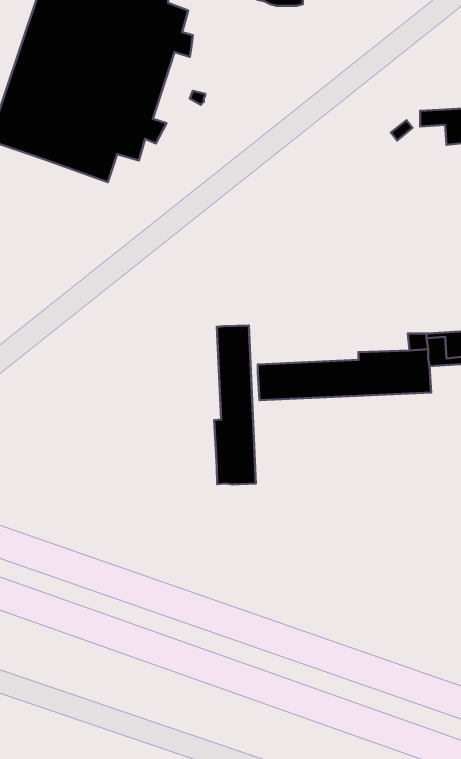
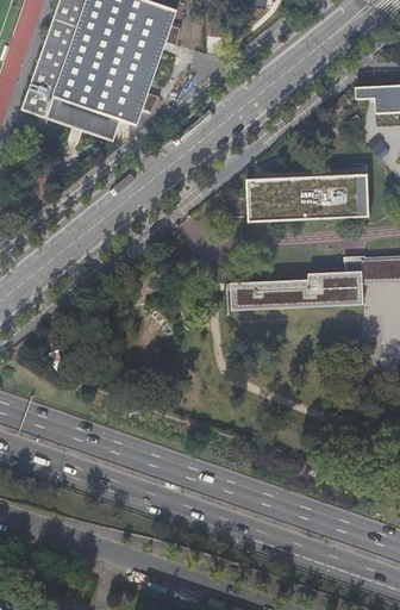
building: none -> [248,172,371,219]
building: [214,325,256,484] -> none

